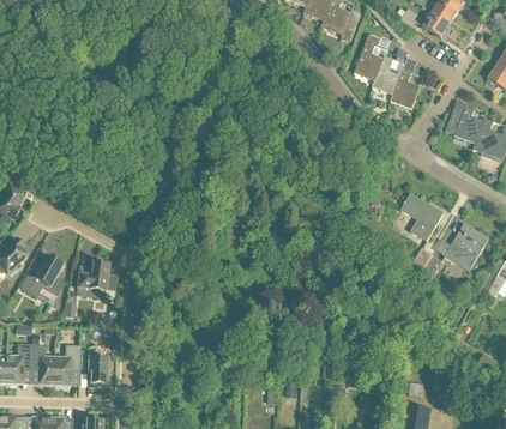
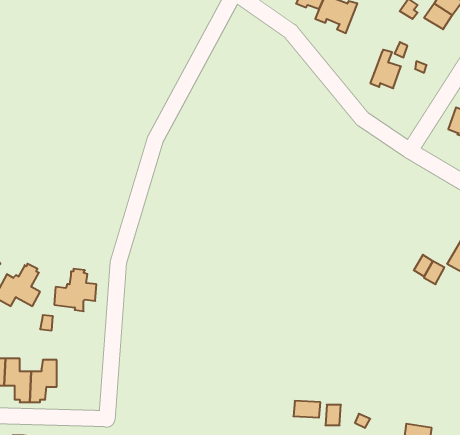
building: [353,34,382,77] -> none
building: [390,68,420,105] -> none
building: [400,192,442,240] -> none
building: [80,350,109,386] -> none

